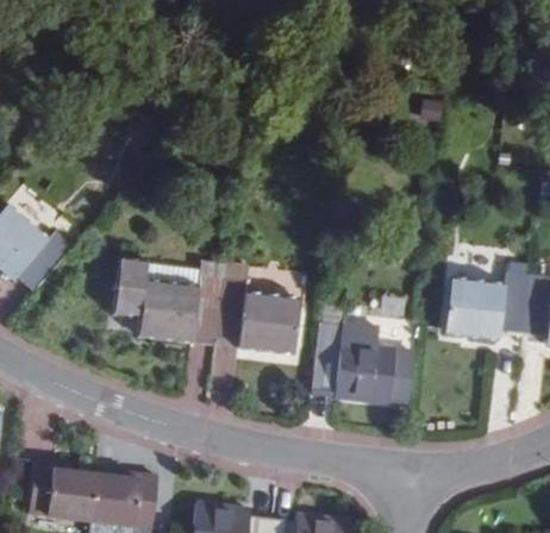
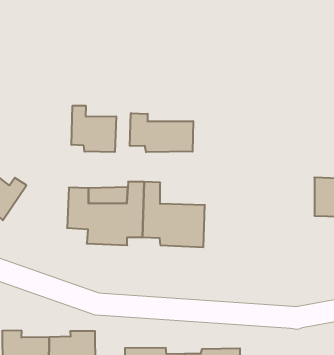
building: none -> [71,106,116,152]
building: none -> [130,113,193,152]
building: [315,308,431,410] -> none

